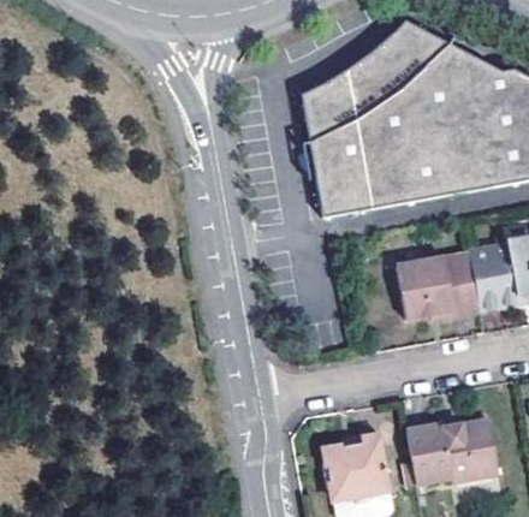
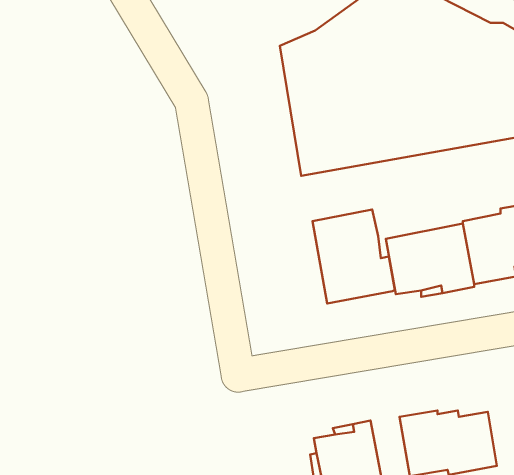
building: none -> [313,210,395,303]

